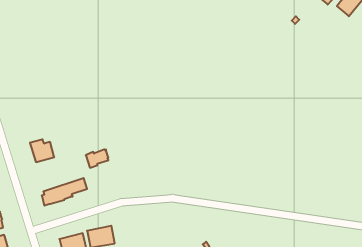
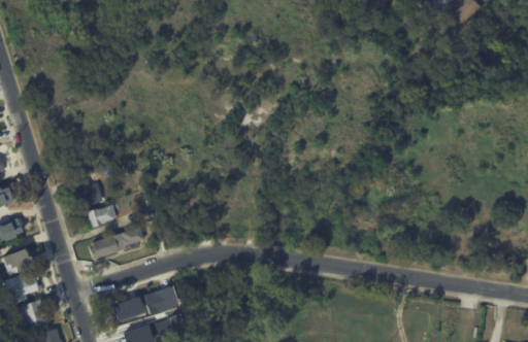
building: [86,149,108,168] -> [87,206,114,229]

